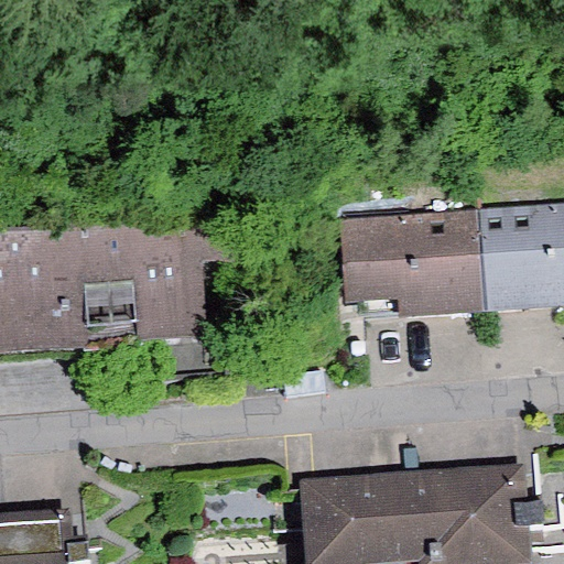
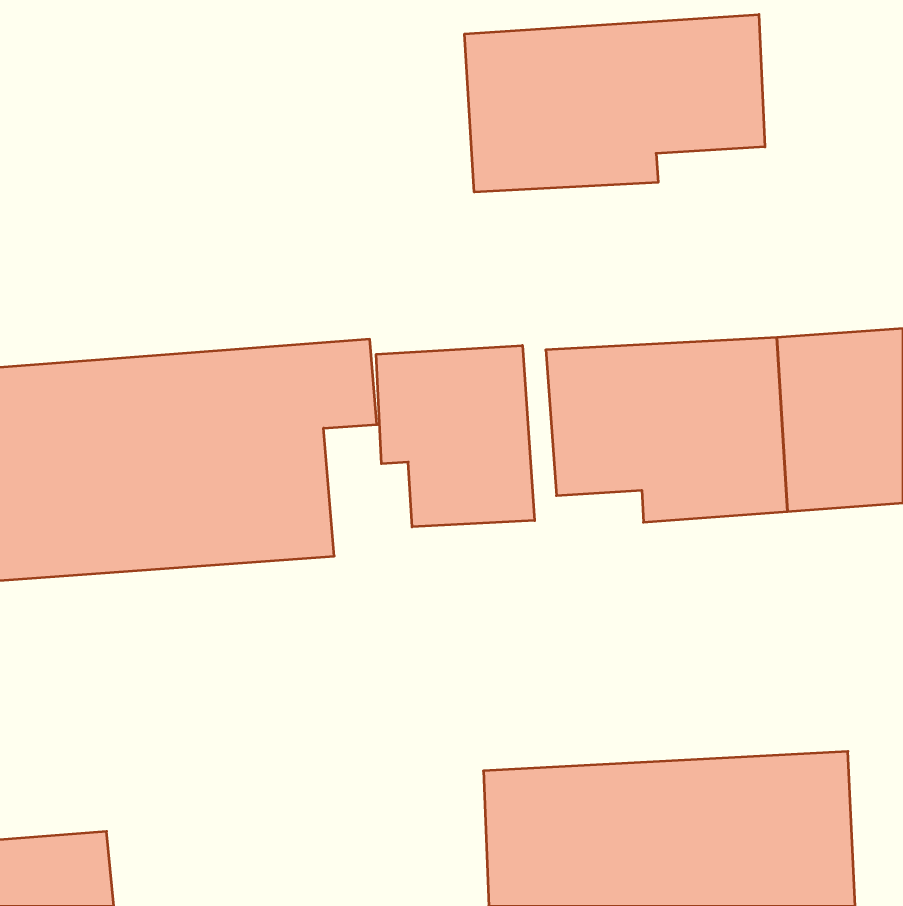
building: none -> [465,14,765,192]
building: none -> [376,345,535,527]

